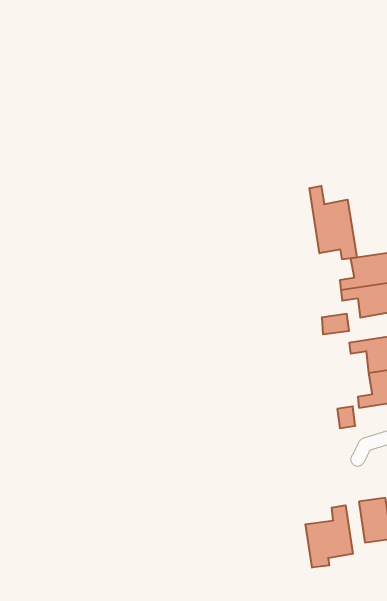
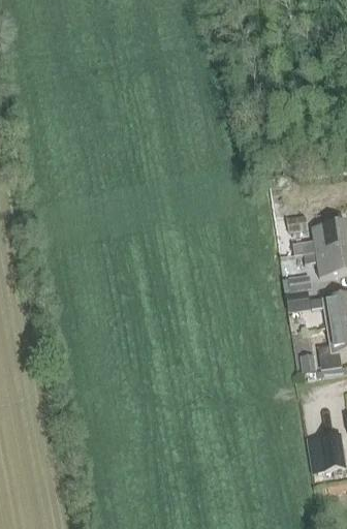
building: [310,186,357,259] -> none
building: [305,505,353,568] -> none

